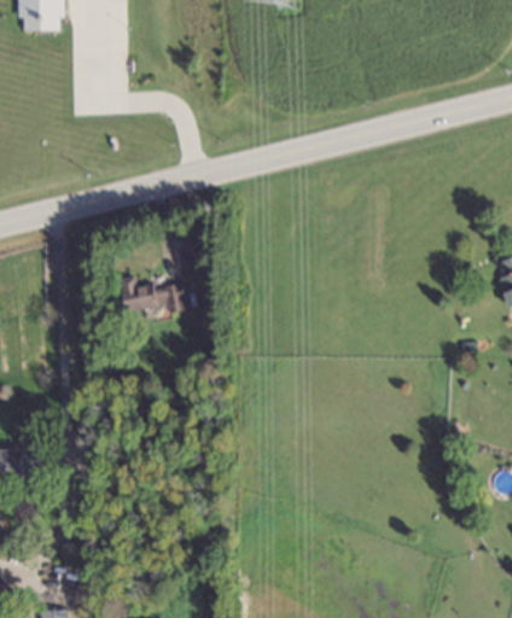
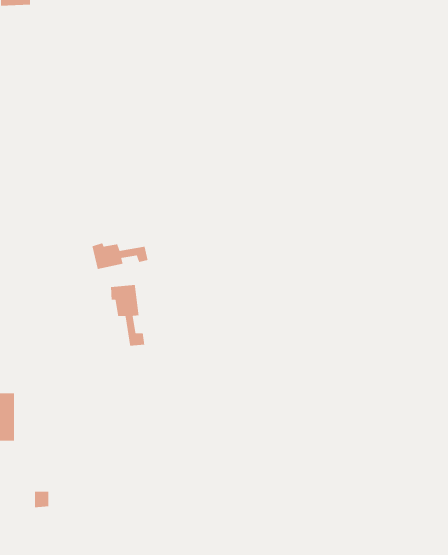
building: none -> [110,284,145,347]

